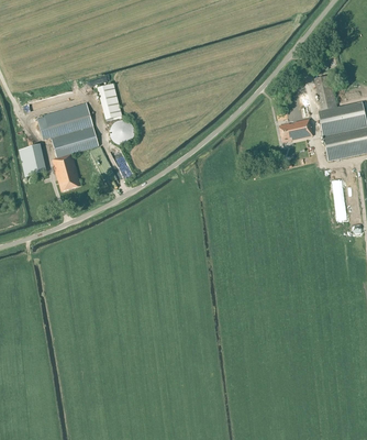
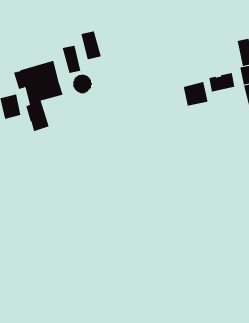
building: none -> [81,30,101,60]
building: none -> [183,81,208,107]

